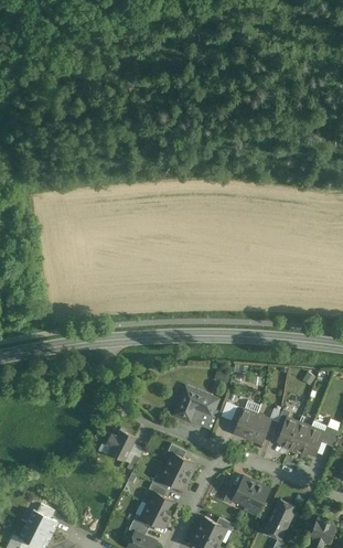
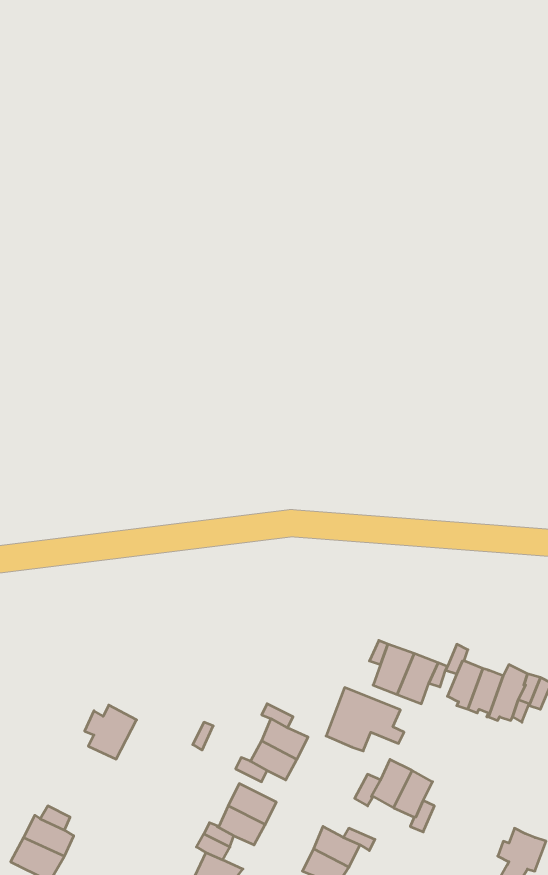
building: [173,387,219,425] -> [326,688,404,751]
building: [104,430,135,462] -> [85,705,137,759]
building: [264,501,294,539] -> none

